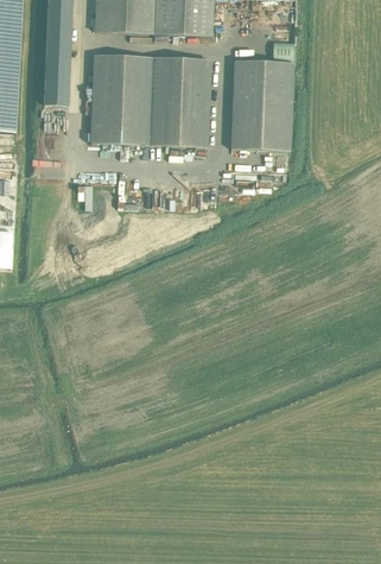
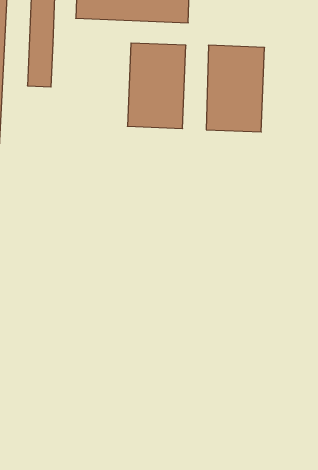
building: [91,55,153,145] -> none

